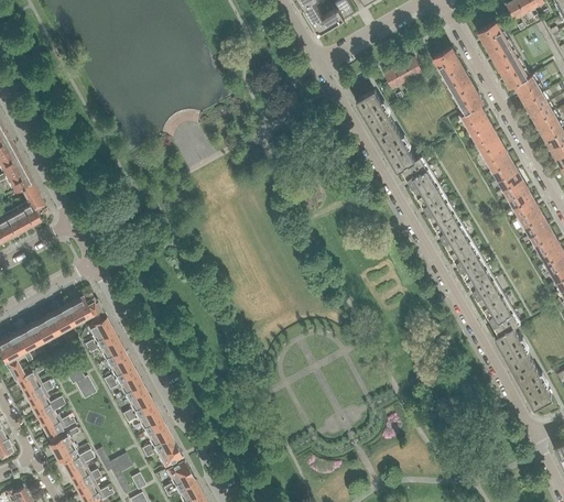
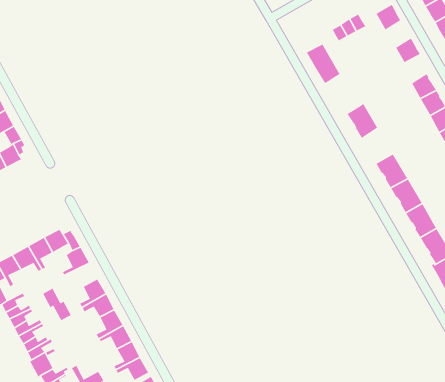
building: [444,66,473,96] -> none
building: [462,106,490,135] -> none
building: [377,126,415,172] -> none
building: [417,185,453,225] -> none
building: [87,335,124,361] -> none

